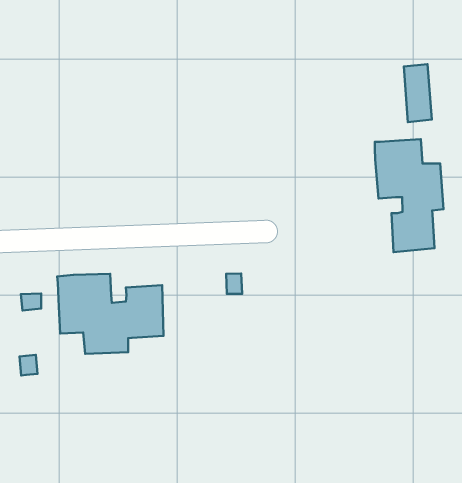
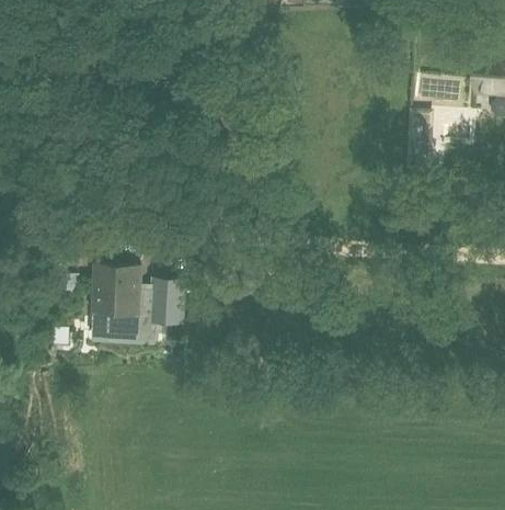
building: [375,139,444,252] -> none

